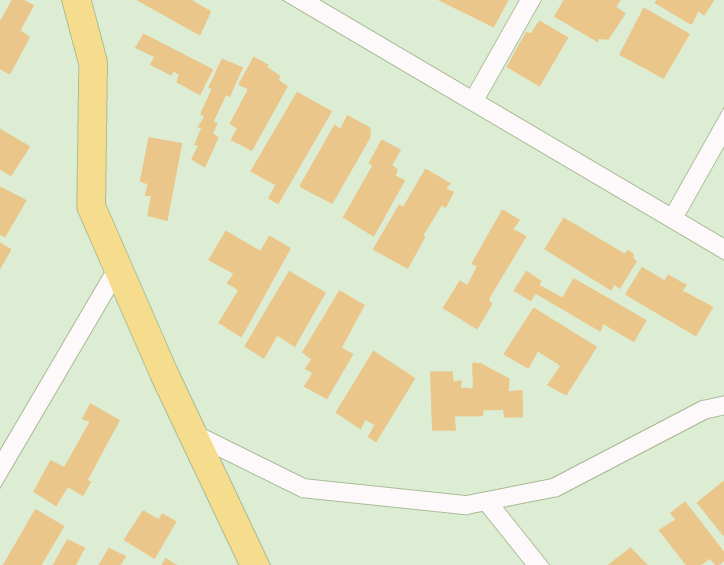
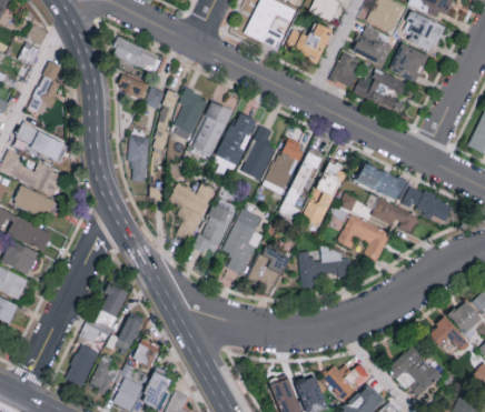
building: none -> [354,66,406,109]
building: none -> [277,153,323,223]
building: none -> [105,318,141,354]

